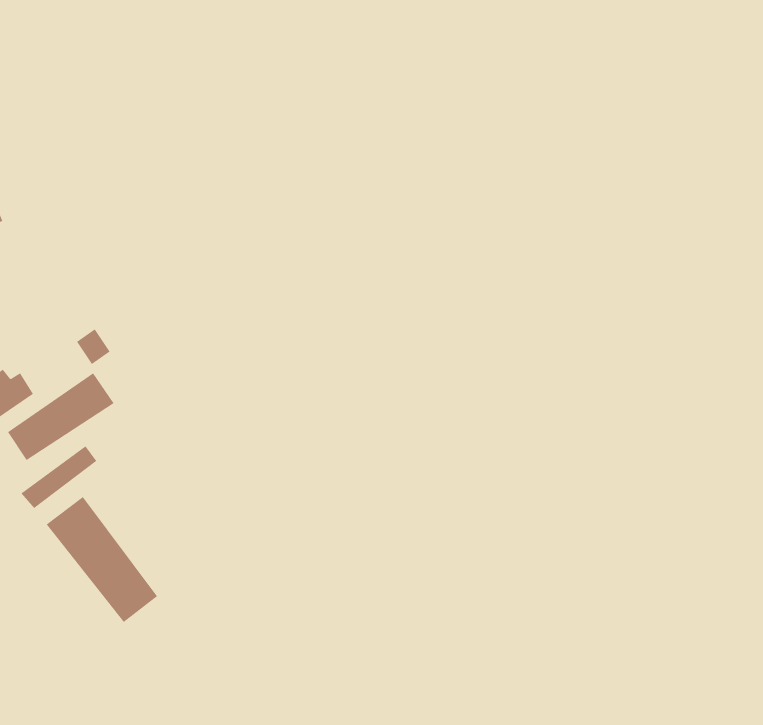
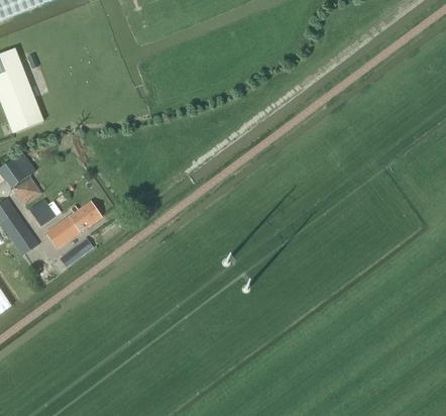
building: [46,496,158,623] -> none

